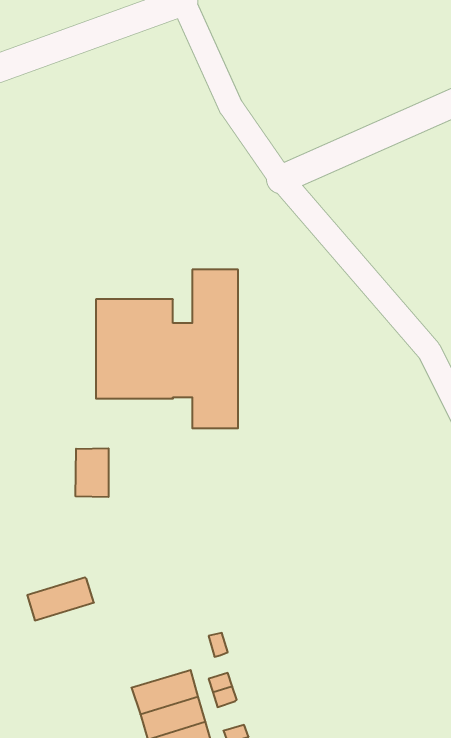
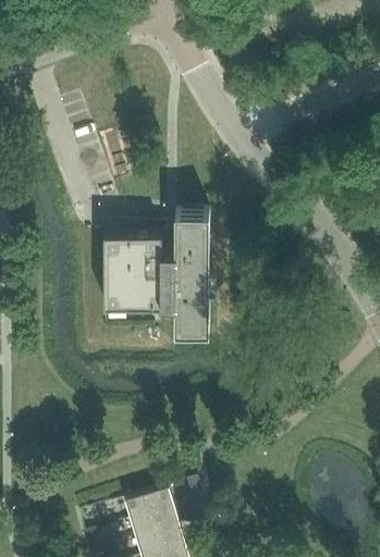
building: [76,448,108,497] -> none
building: [27,577,94,620] -> [125,487,174,519]

